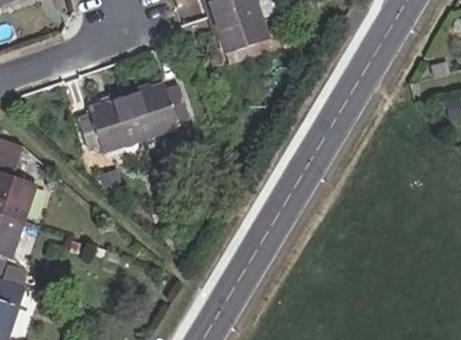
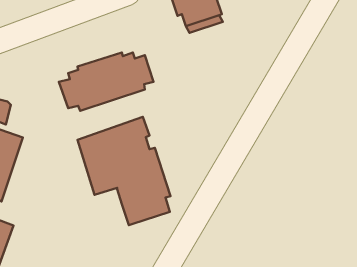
building: none -> [78,117,171,225]

